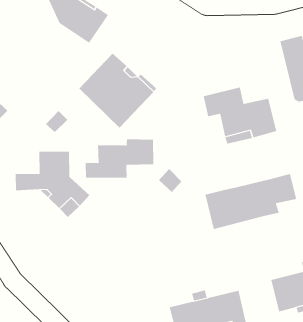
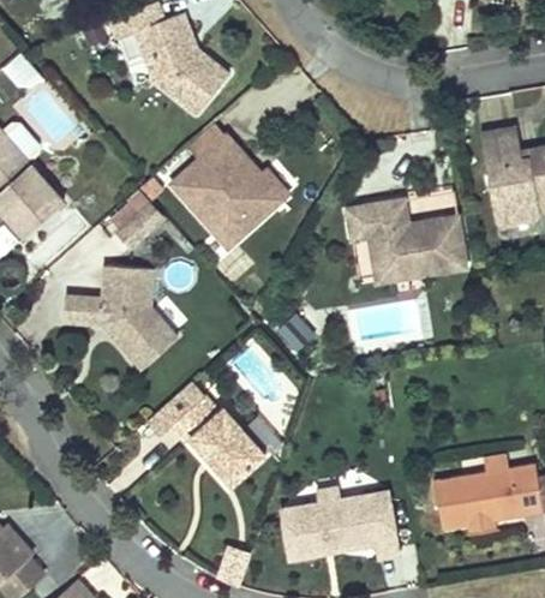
building: [85,139,154,178] -> none
building: [205,173,297,230] -> none
building: none -> [168,395,264,486]

